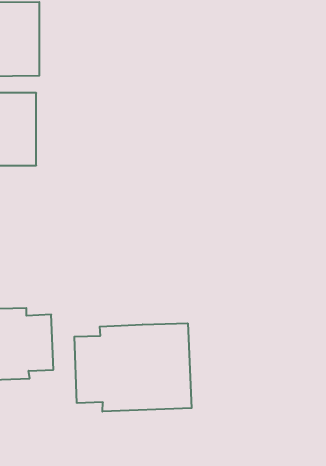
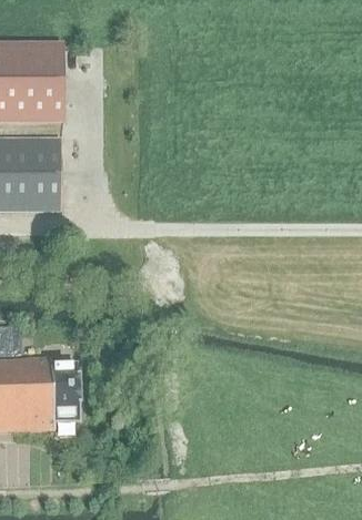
building: [74,323,192,412] -> none

